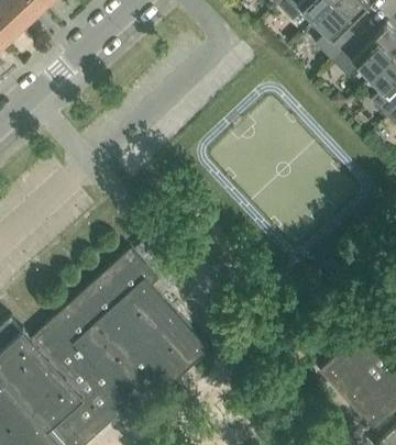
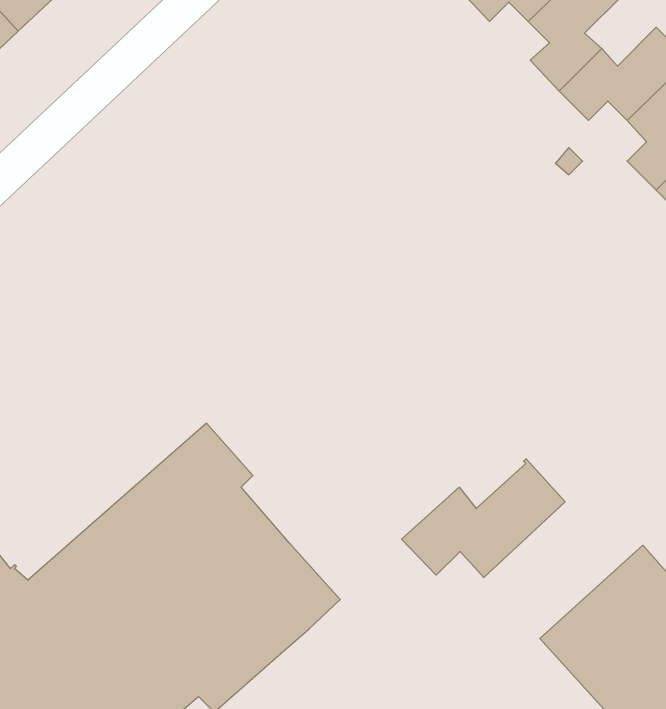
building: none -> [402,459,565,578]

